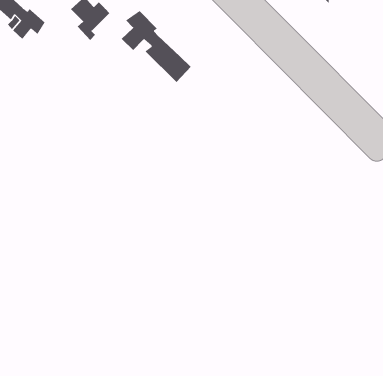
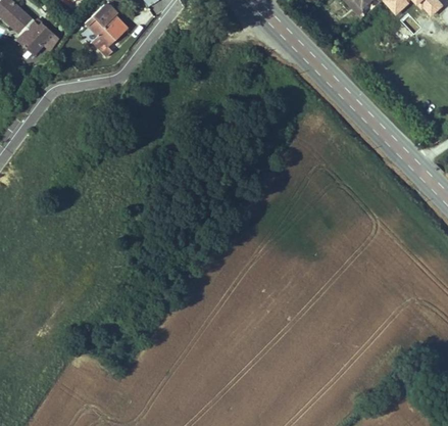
building: [121,10,192,83] -> none

